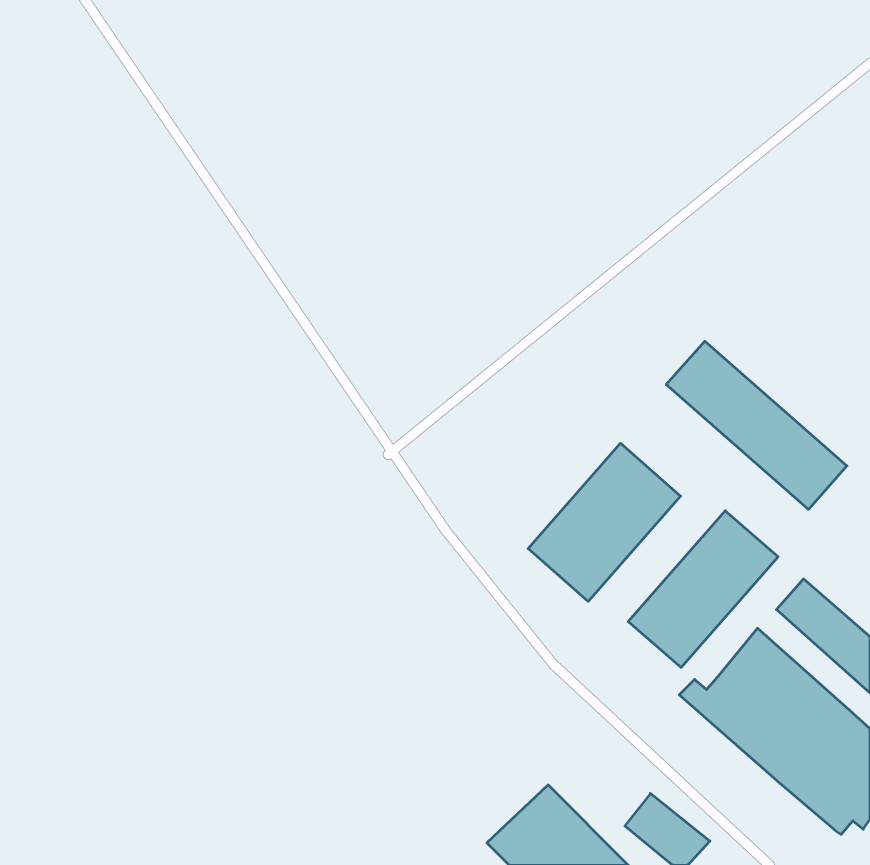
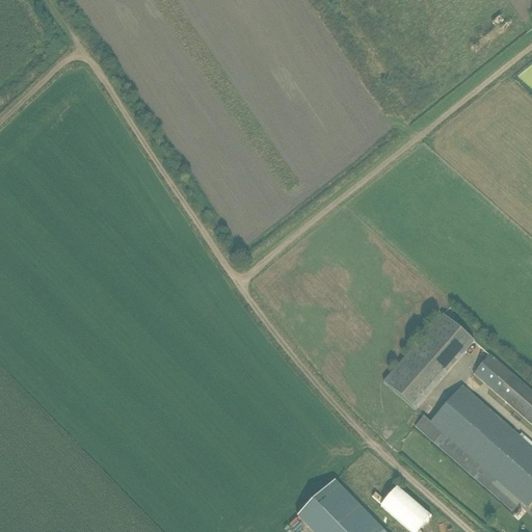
building: [666,341,847,509] -> none
building: [528,443,681,601] -> none

